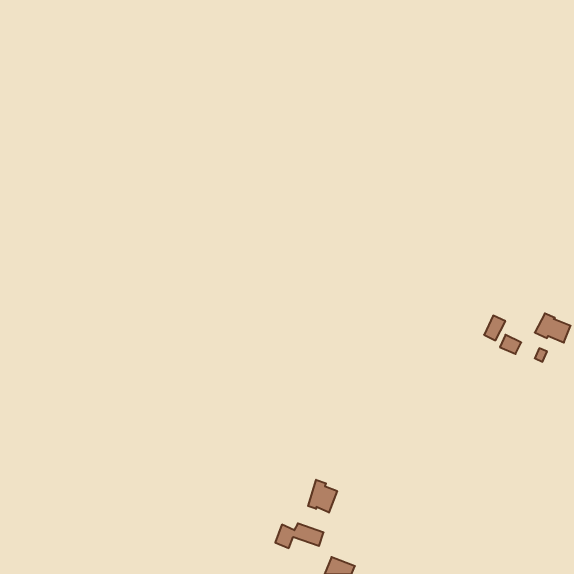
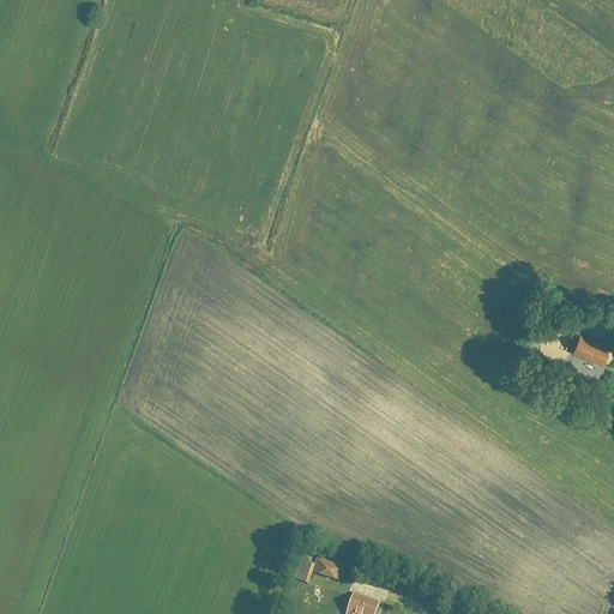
building: [308,480,337,513] -> none

